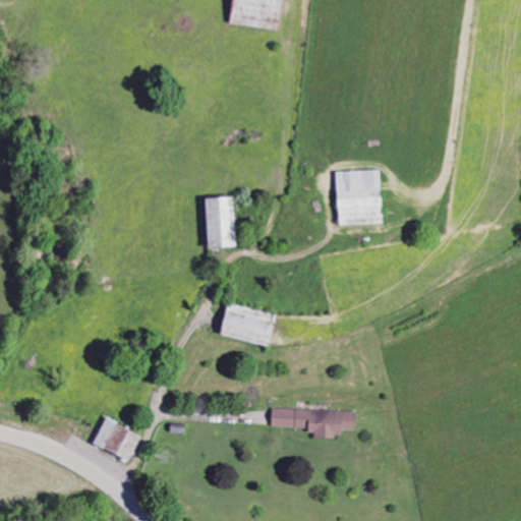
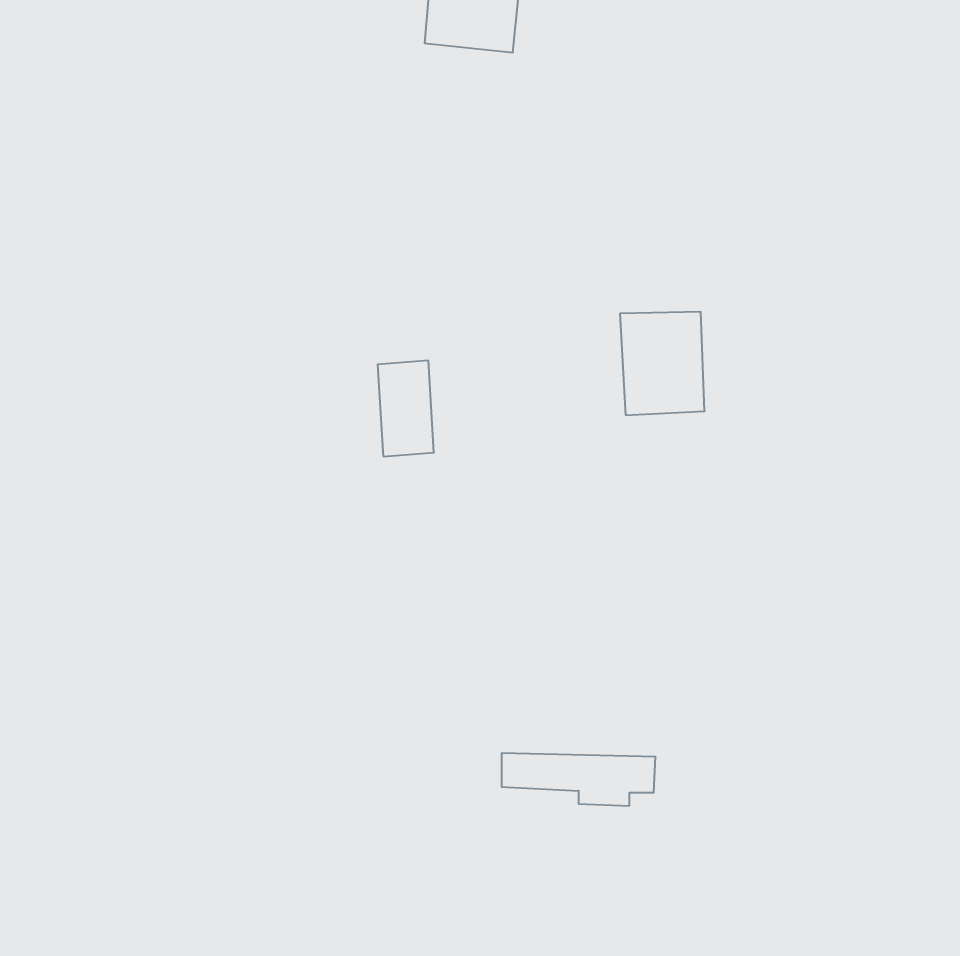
building: [220,304,275,344] -> none
building: [93,417,141,461] -> none

